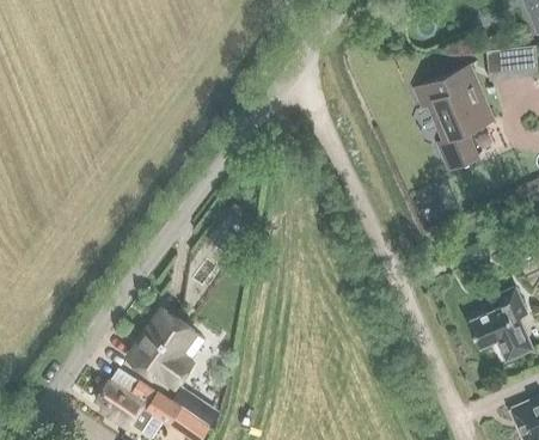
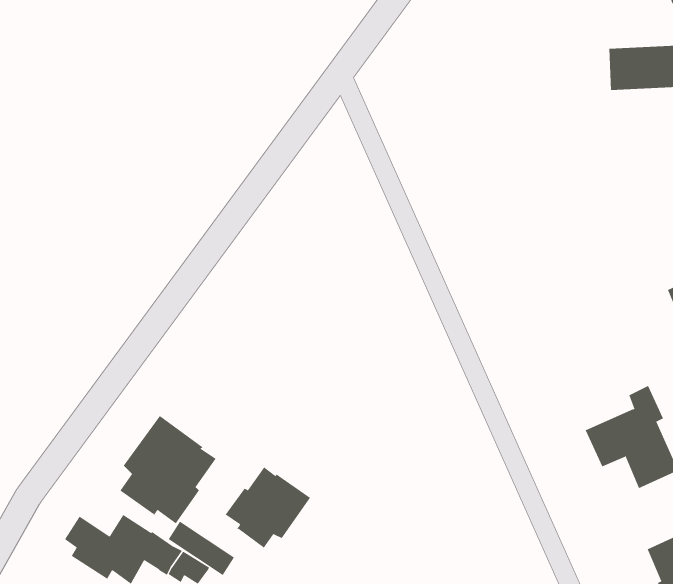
building: [414,65,495,171] -> none
building: none -> [225,467,311,548]

